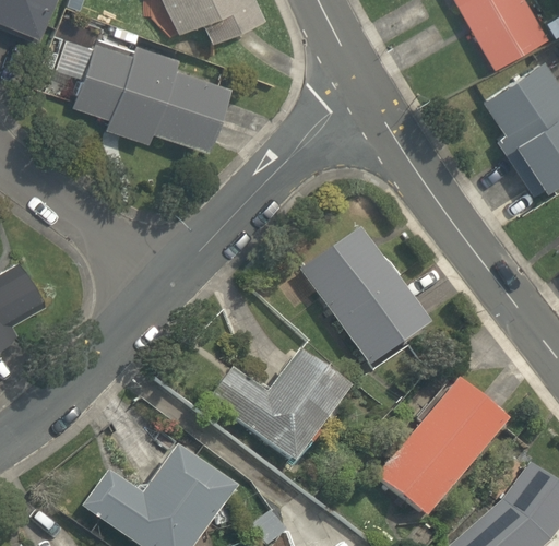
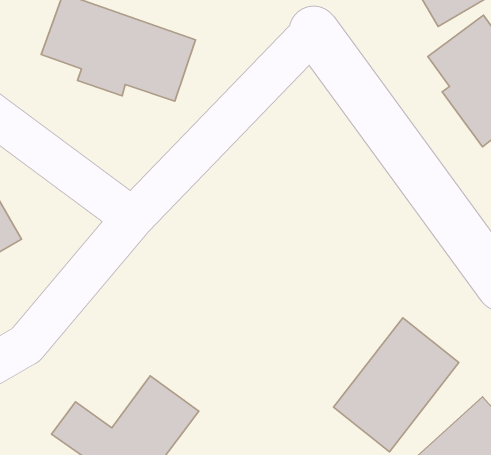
building: [302,229,435,369] -> none
building: [206,351,354,467] -> none

